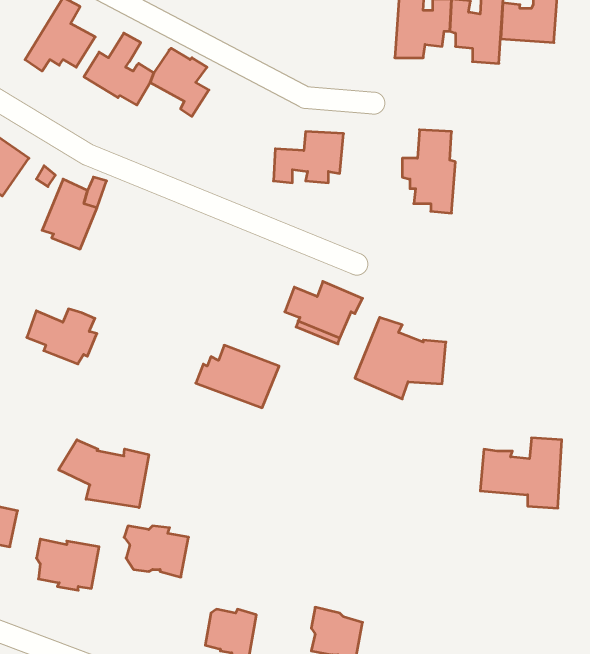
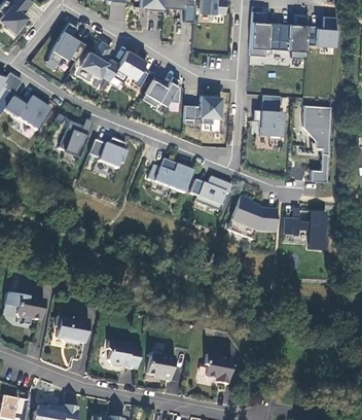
building: none -> [143,75,182,106]
building: none -> [303,104,332,181]
building: [27,309,97,364] -> [89,138,128,168]
building: [196,345,279,408] -> [148,159,193,192]
building: [480,438,562,508] -> [283,211,327,249]
building: [59,440,149,508] -> none
building: [124,526,189,577] -> [107,342,142,370]

